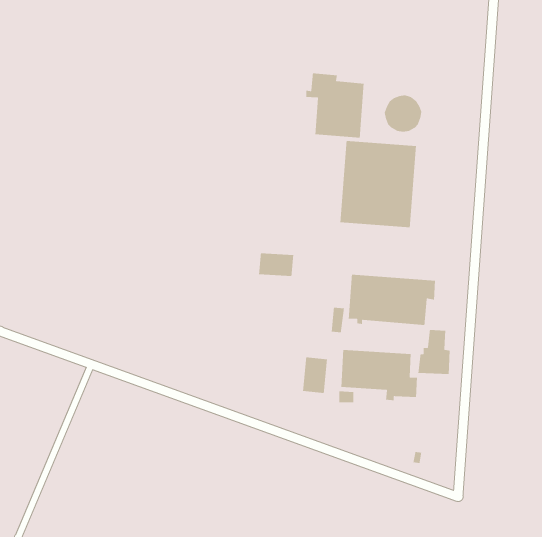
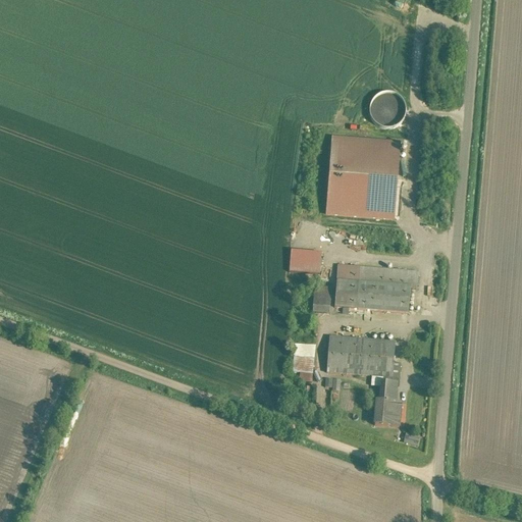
building: [306,73,365,138] -> none
building: [258,252,294,277] -> [288,250,322,273]
building: [418,329,451,375] -> [370,382,402,426]

